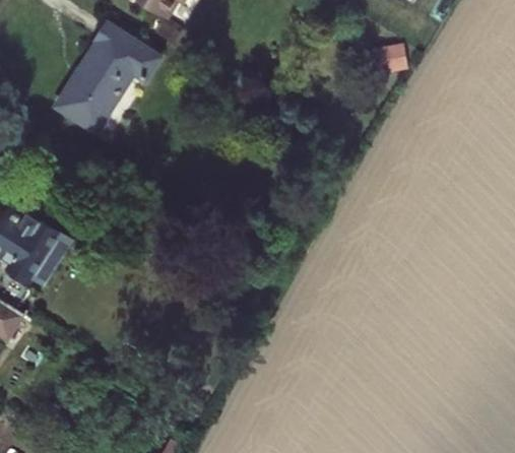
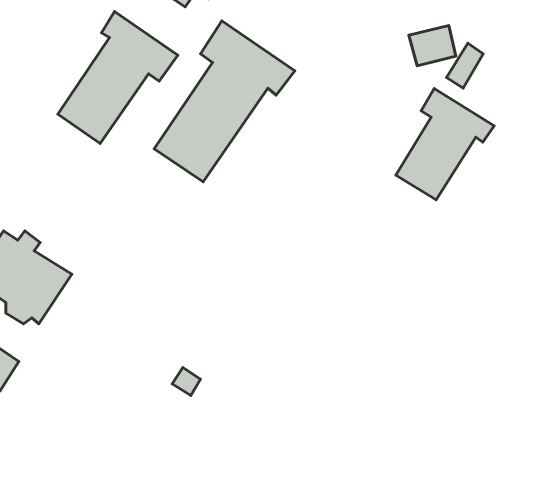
building: none -> [154,21,295,182]
building: none -> [396,89,494,200]

